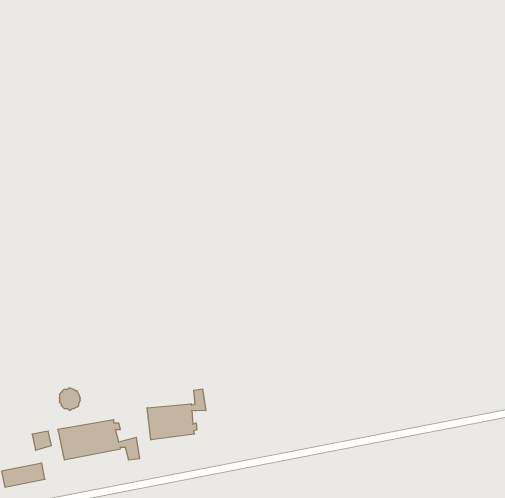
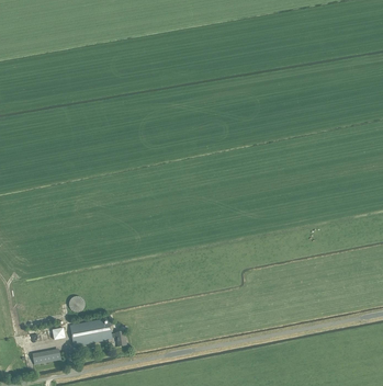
building: [147,389,206,440] -> none

